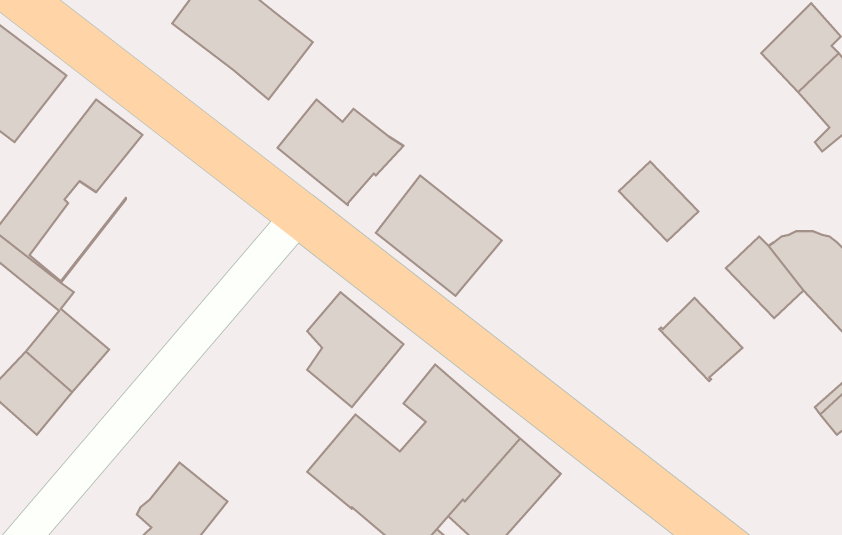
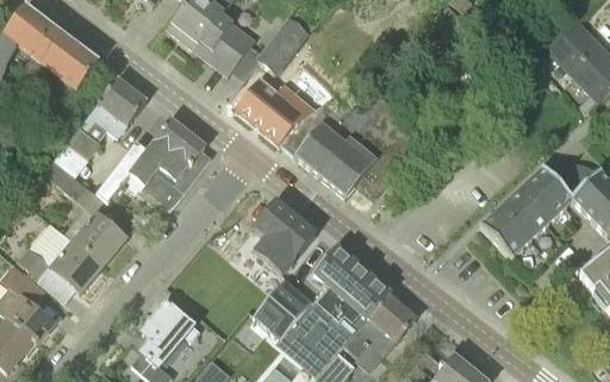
building: none -> [257,19,307,73]
building: [619,161,698,241] -> [502,184,553,236]
building: none -> [94,118,206,202]

